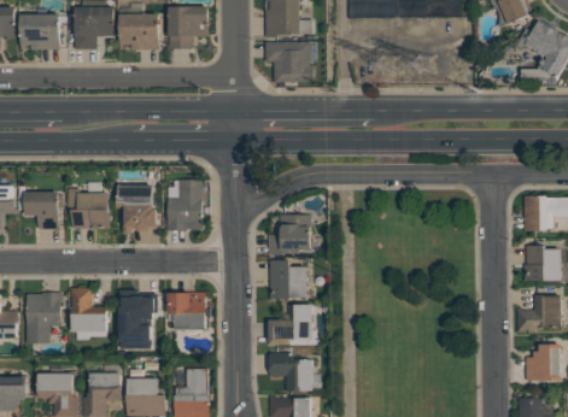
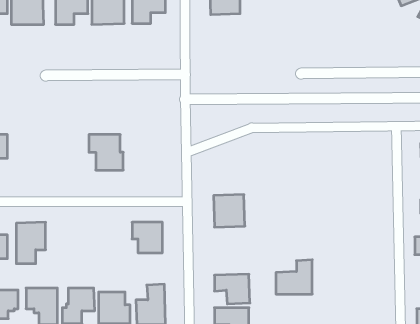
building: [265,40,314,82] -> none
building: [169,178,204,229] -> none
building: [25,190,58,229] -> none
building: [74,192,110,229] -> none
building: [269,213,312,254] -> none
building: [71,287,110,339] -> none
building: [119,289,159,348] -> none
building: [269,303,314,345] -> [276,260,312,294]

